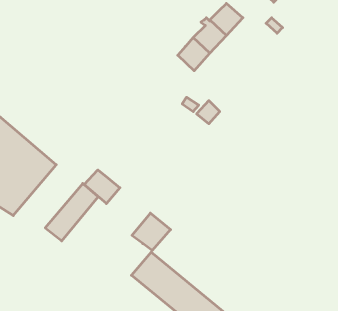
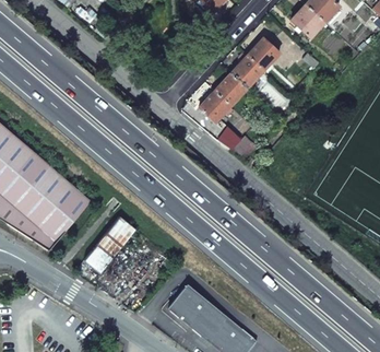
building: none -> [198,90,230,122]
building: [84,170,120,204] -> none
building: [132,213,171,251] -> none

